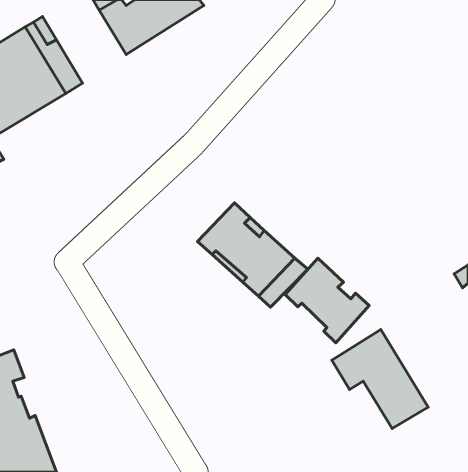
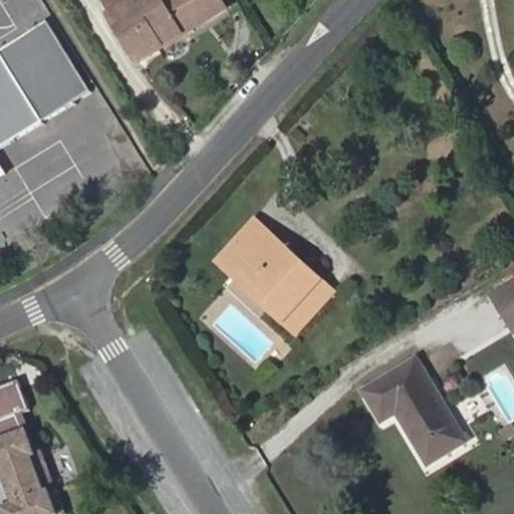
building: [285,258,369,343] -> none

